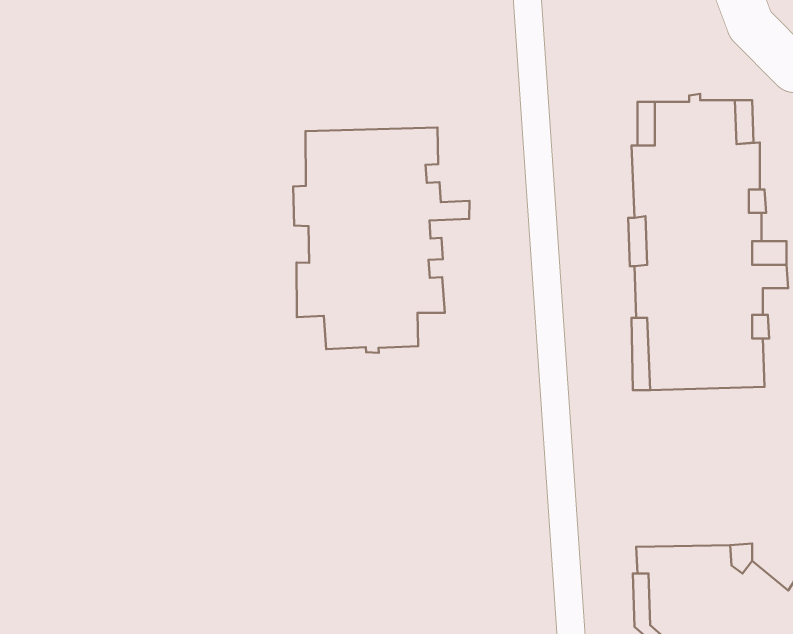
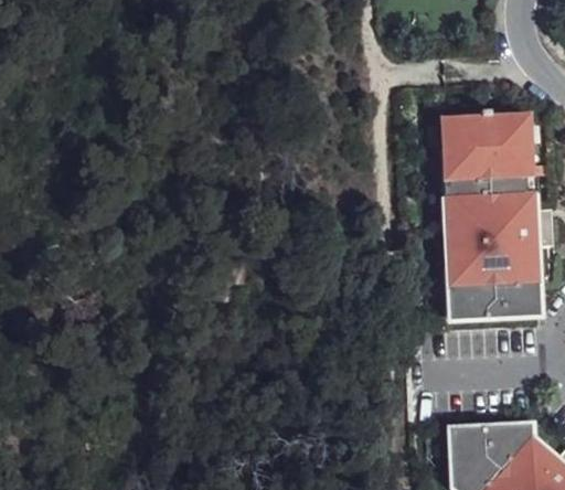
building: [293,127,470,353] -> none

